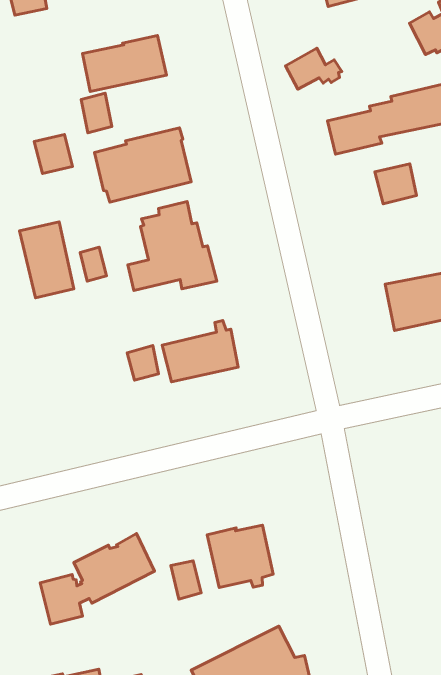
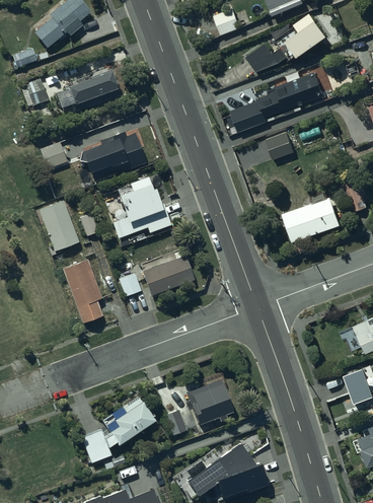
building: [285,48,342,89] -> [245,43,283,71]
building: [81,93,112,133] -> [23,78,46,105]
building: none -> [61,259,101,322]

